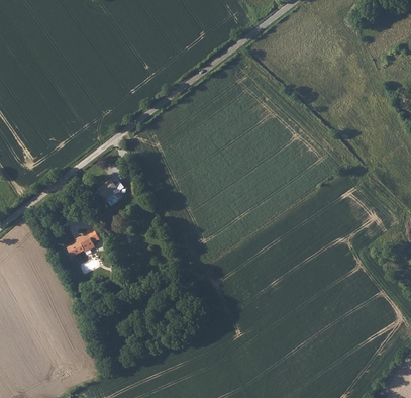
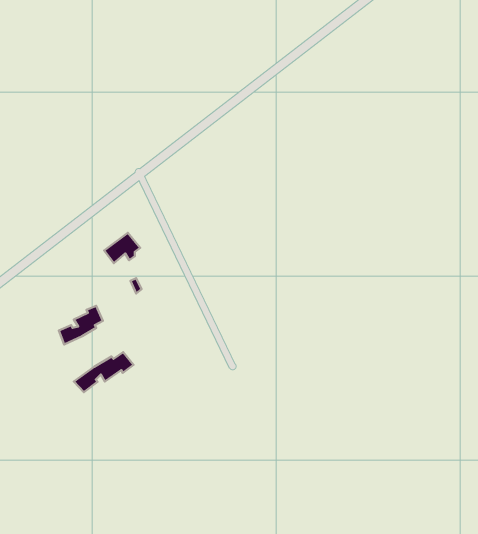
building: none -> [74,352,133,392]

